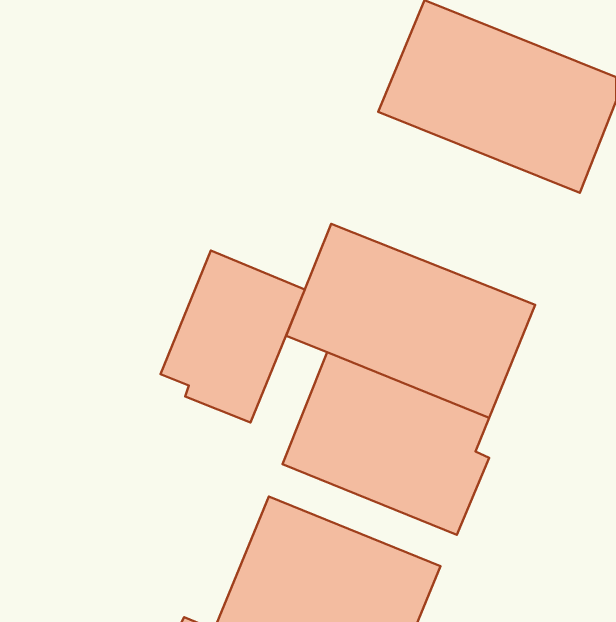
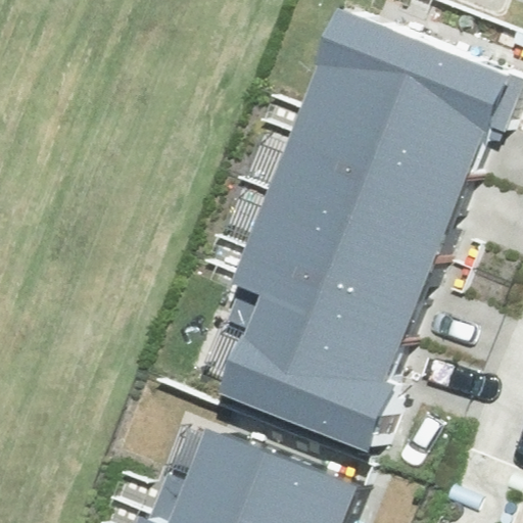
building: none -> [272,103,476,262]
building: [161,251,305,422] -> none

